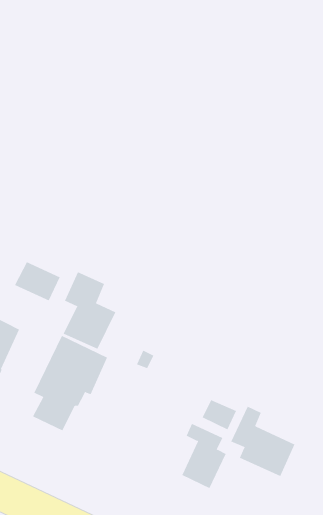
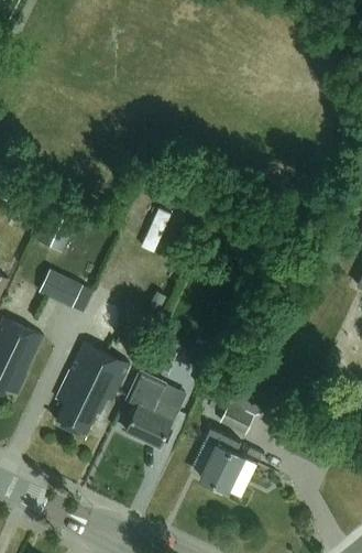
building: [63,271,116,350] -> [125,372,177,448]
building: [230,406,295,477] -> none

